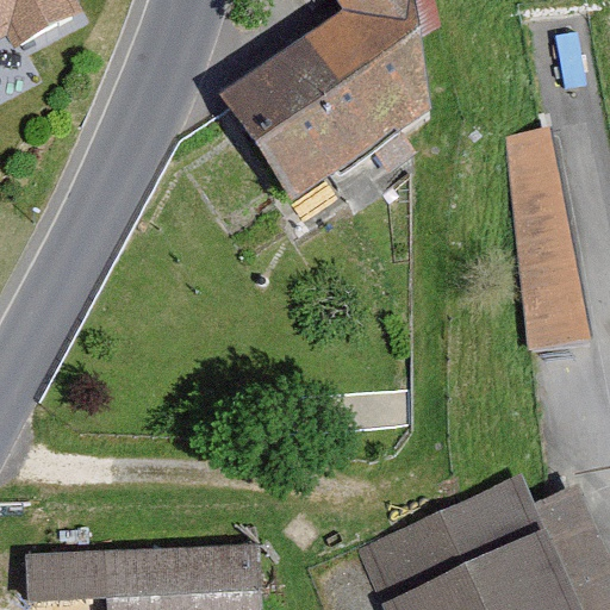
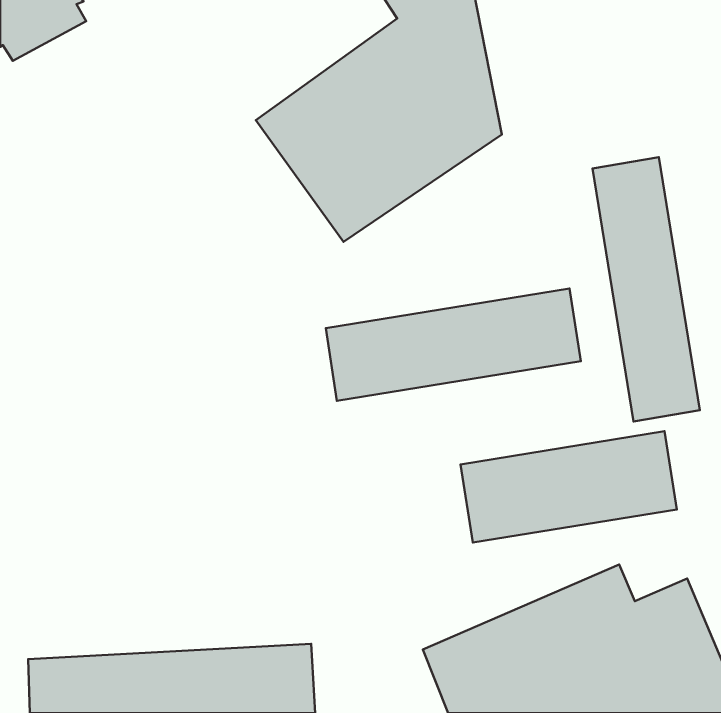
building: none -> [326,289,581,401]
building: none -> [461,431,677,543]

